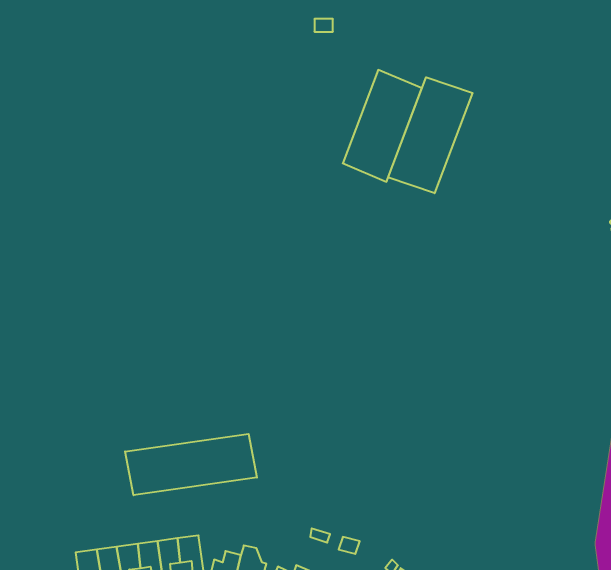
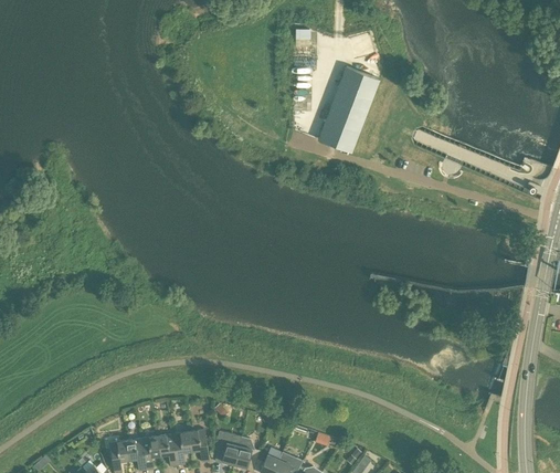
building: [388,77,473,193] -> none
building: [125,434,257,495] -> none

